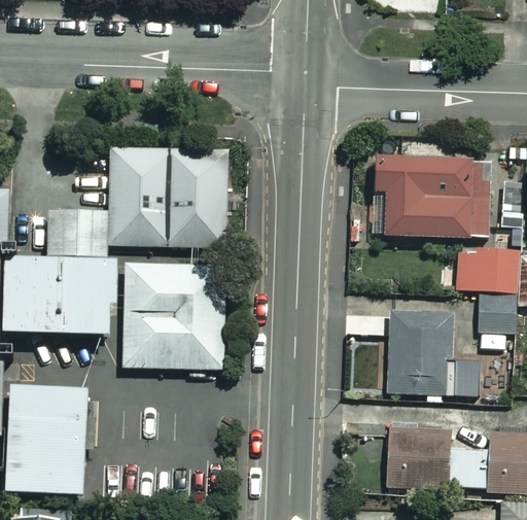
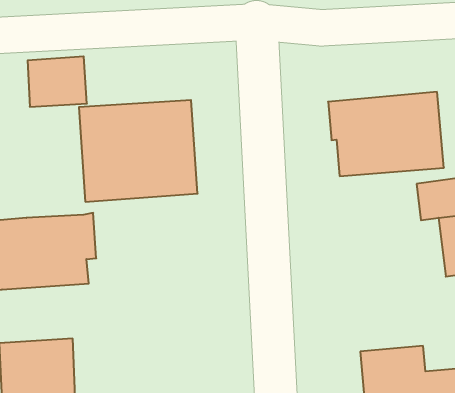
building: [49,205,110,255] -> [28,56,87,107]
building: [122,267,222,372] -> none
building: [387,313,451,396] -> none

